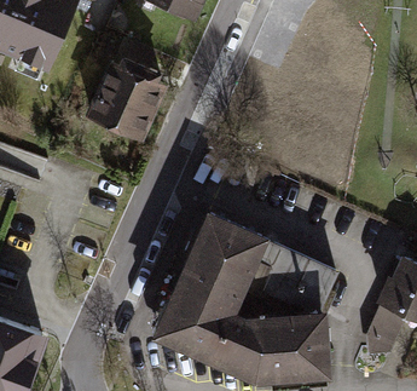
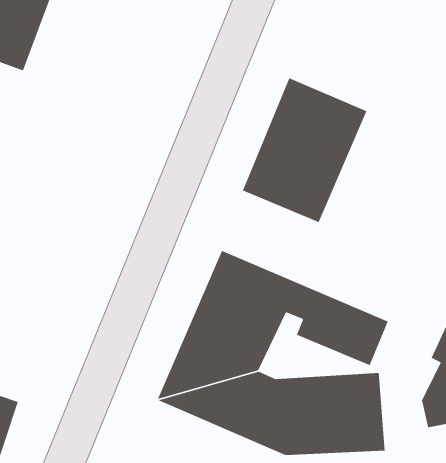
building: [91,58,163,133] -> none
building: none -> [242,77,367,223]

